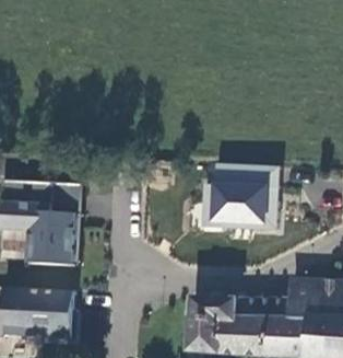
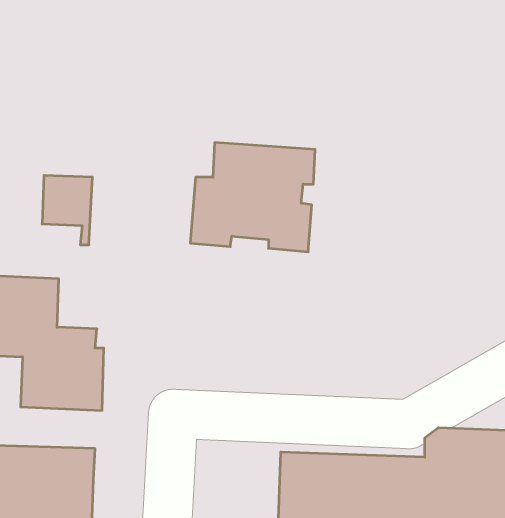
building: [200,165,279,234] -> [190,143,315,252]
building: [49,183,81,227] -> [42,175,92,245]

